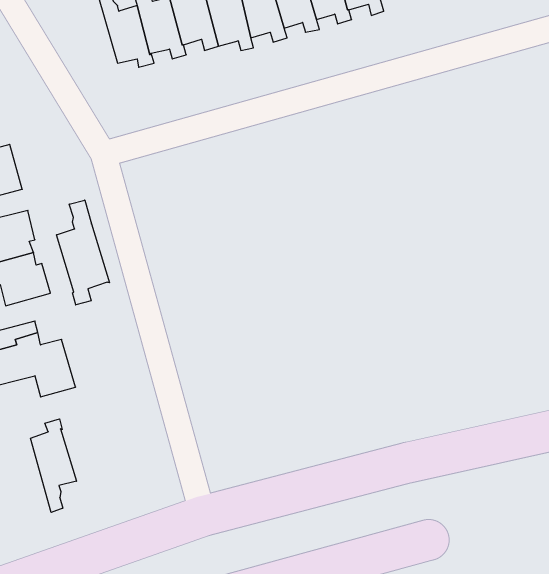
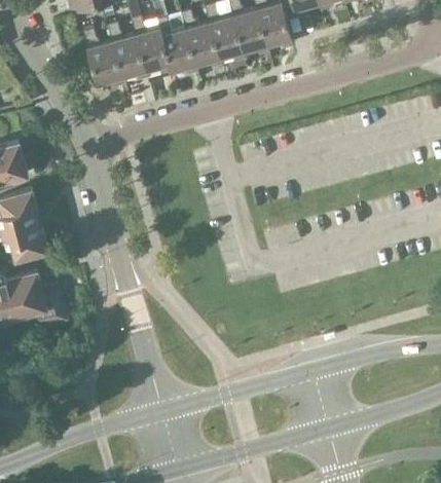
building: [57,200,109,305] -> none
building: [30,419,76,512] -> none

